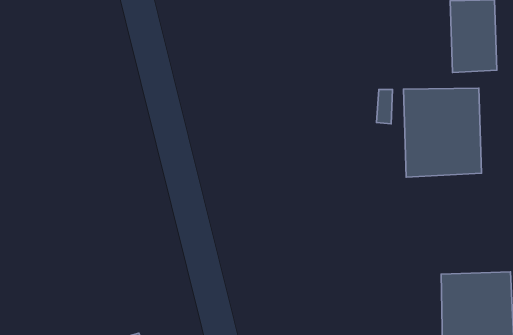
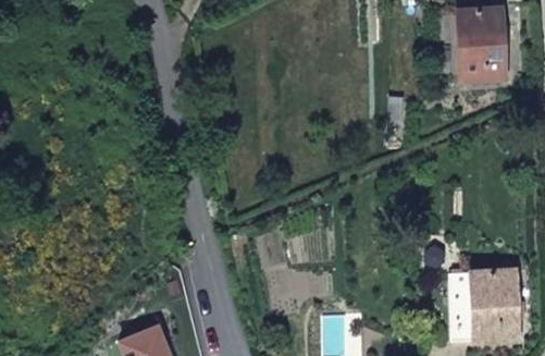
building: [403,88,481,177] -> none

